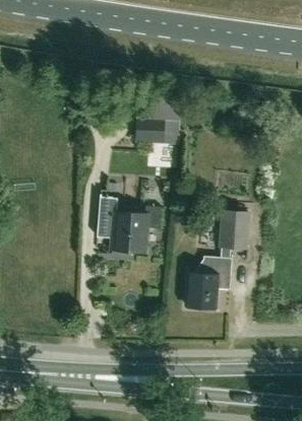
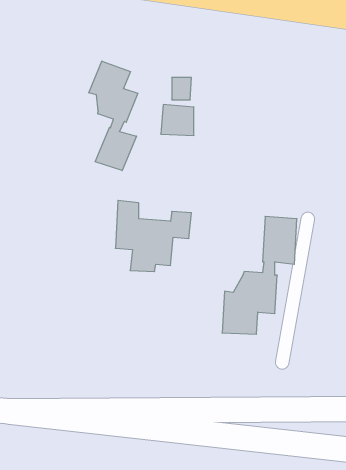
building: none -> [89,61,138,171]

